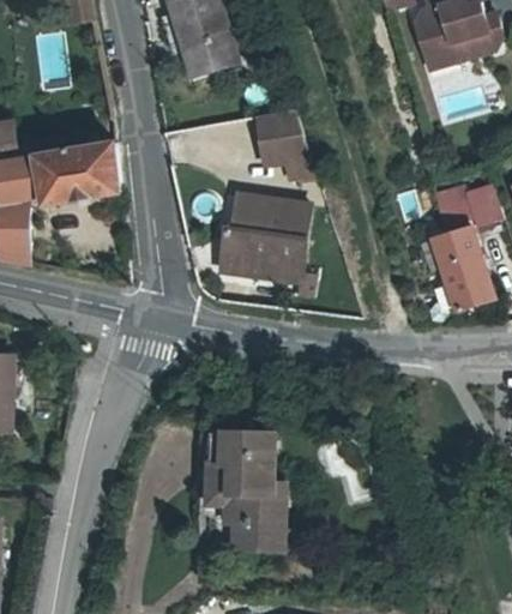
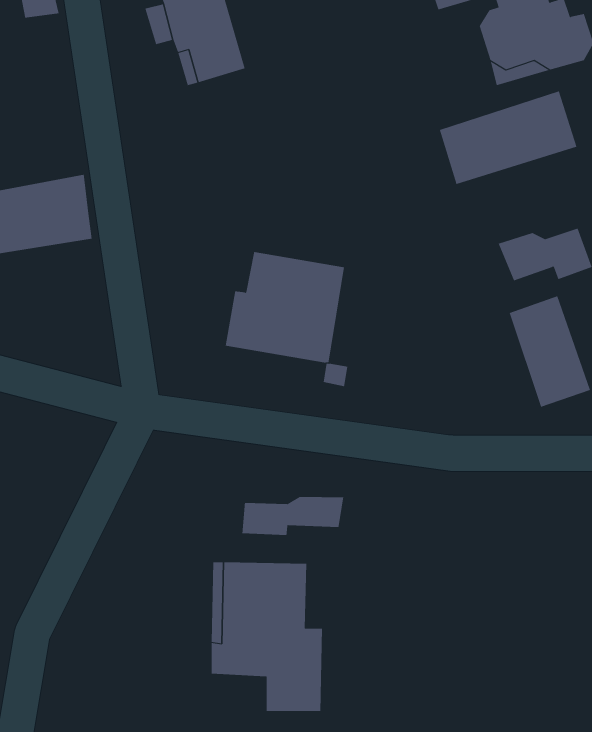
building: none -> [439,90,577,185]
building: [259,122,313,179] -> none
building: none -> [242,496,344,536]

